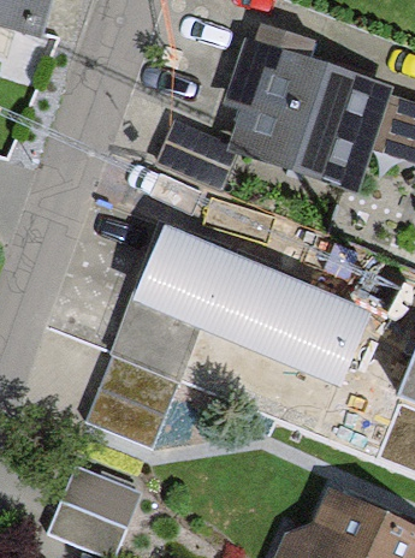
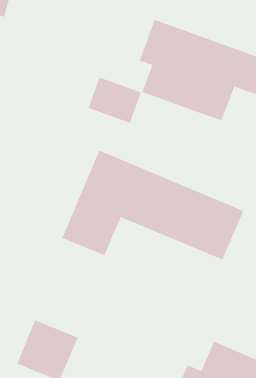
building: [89,352,177,441] -> none

